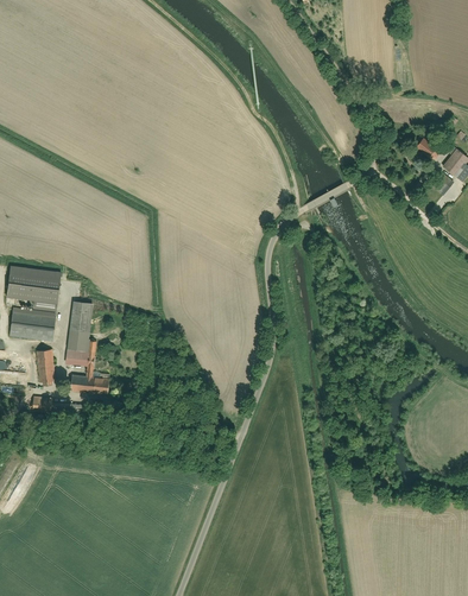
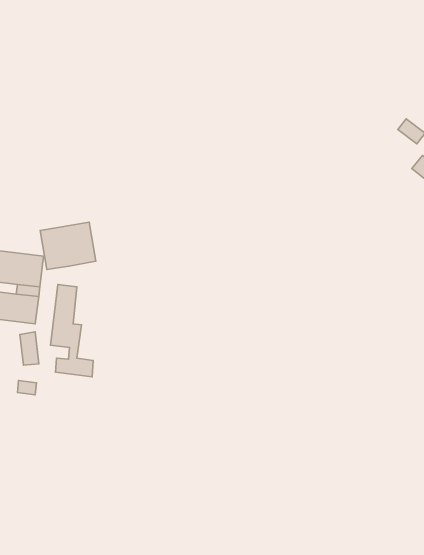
building: none -> [40,222,96,270]

